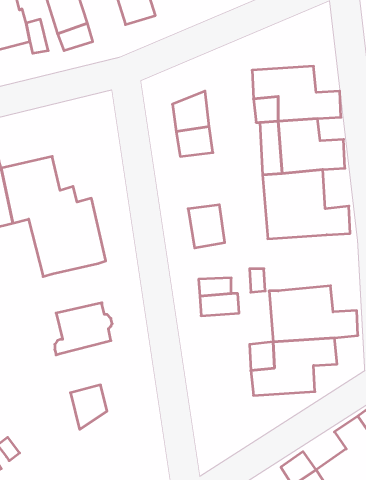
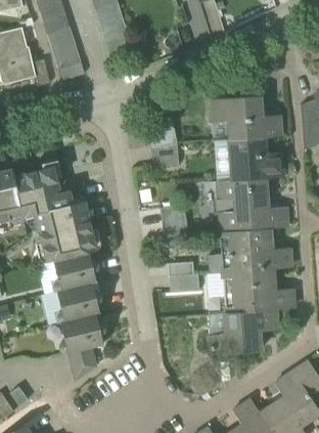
building: none -> [221,228,290,272]
building: none -> [53,251,98,291]
building: none -> [60,312,104,352]

